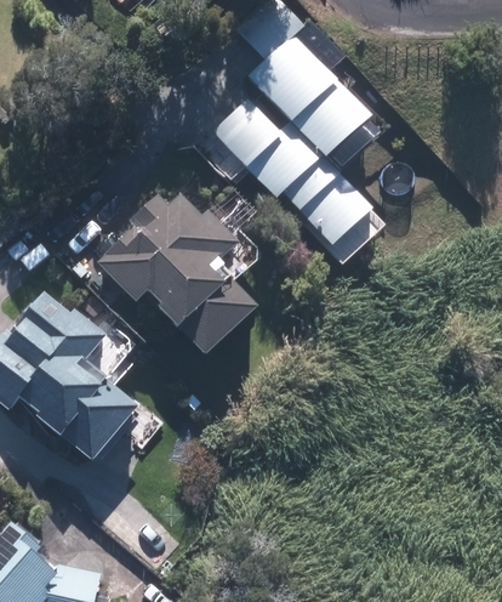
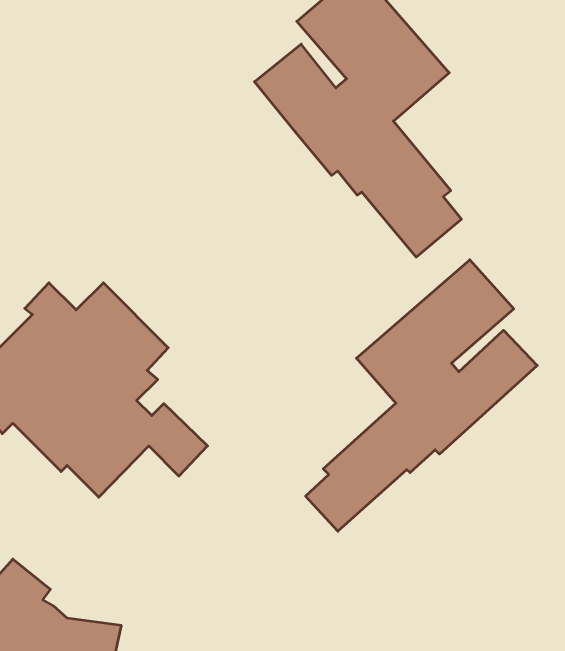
building: [96,182,263,359] -> none
building: none -> [306,260,537,531]

